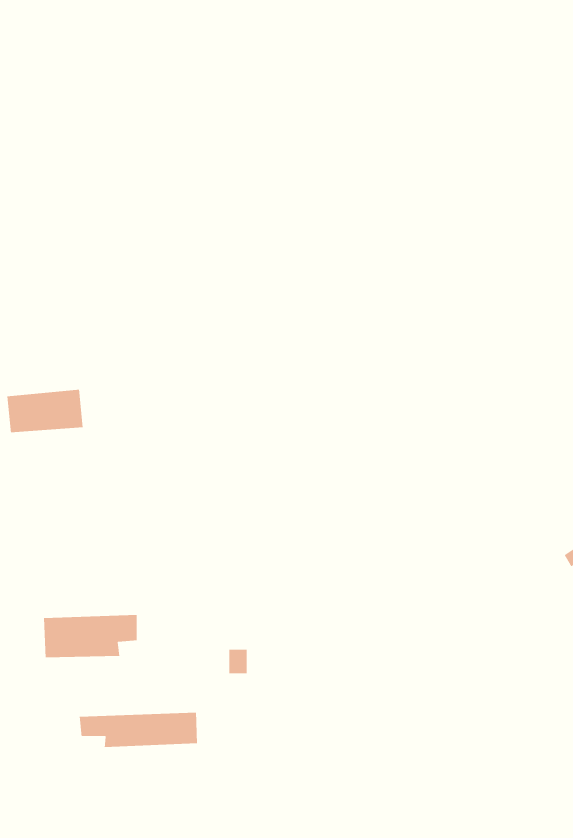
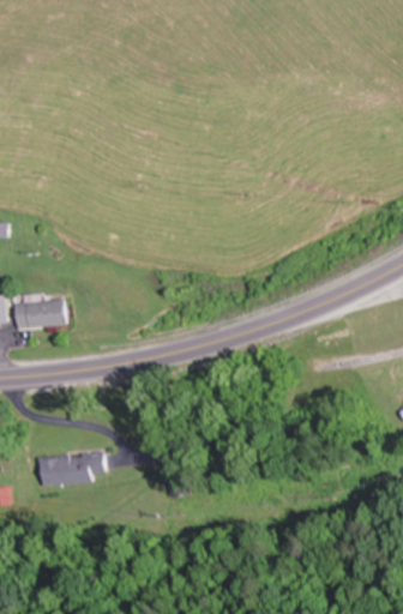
building: [79,712,197,748] -> none

